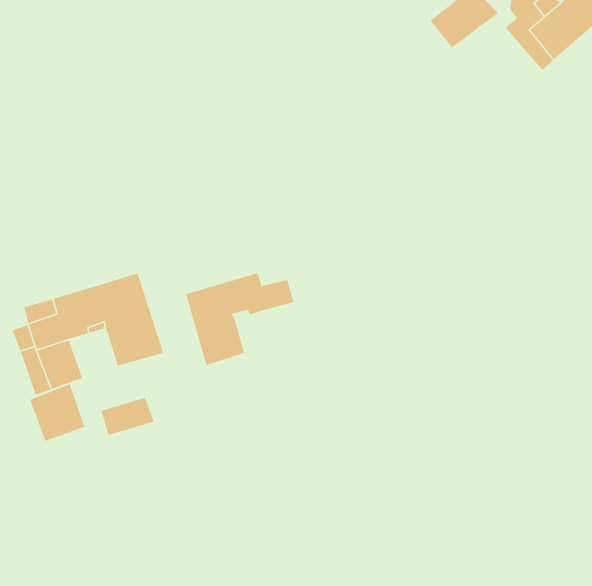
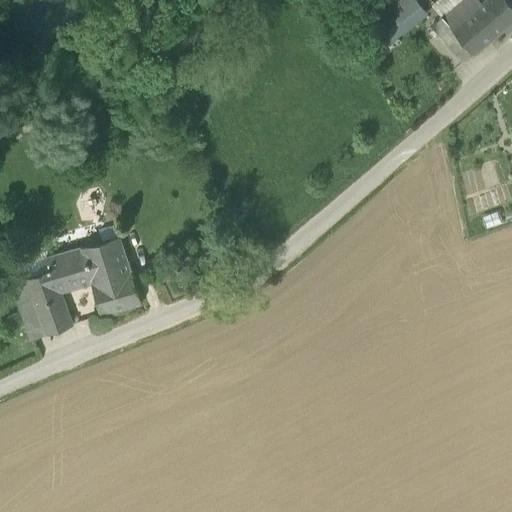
building: [185,272,294,366] -> none
building: [29,383,85,442] -> none
building: [100,397,155,436] -> none

